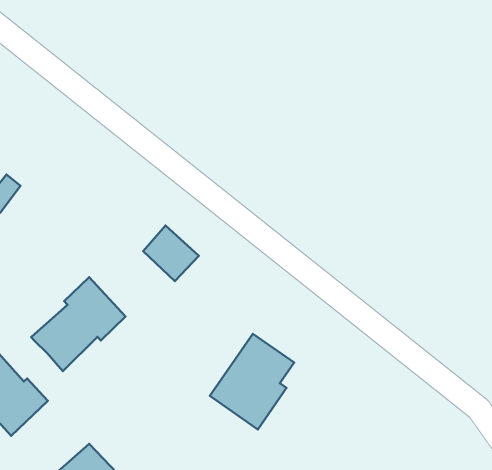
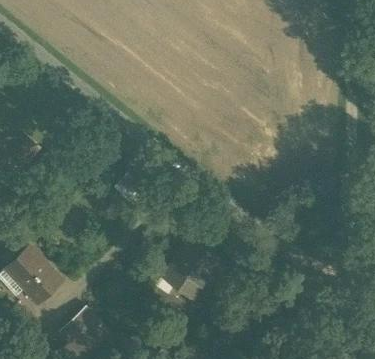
building: [31,277,126,371] -> none

